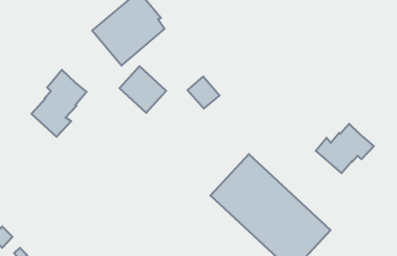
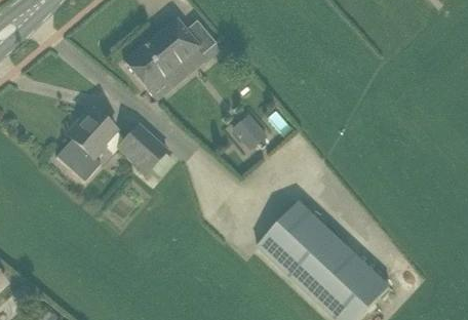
building: [119,66,166,113] -> [116,121,168,173]
building: [316,124,374,173] -> none

